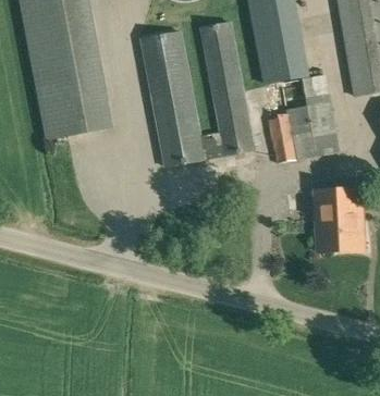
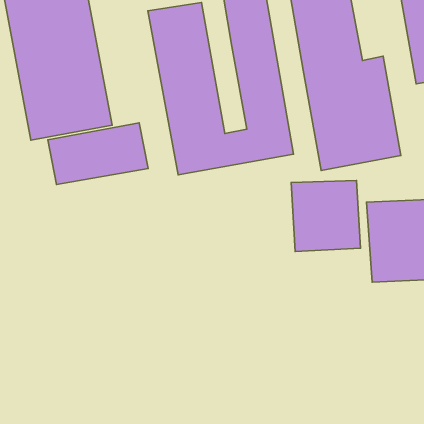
building: none -> [48,123,148,185]
building: none -> [291,181,360,252]

